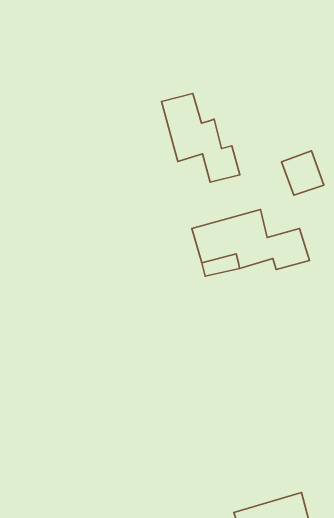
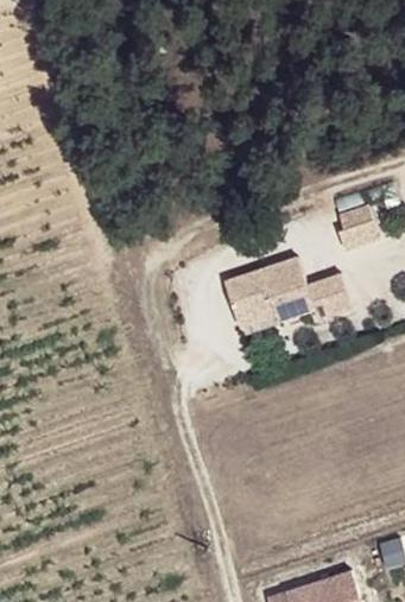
building: [162,93,240,182] -> none

